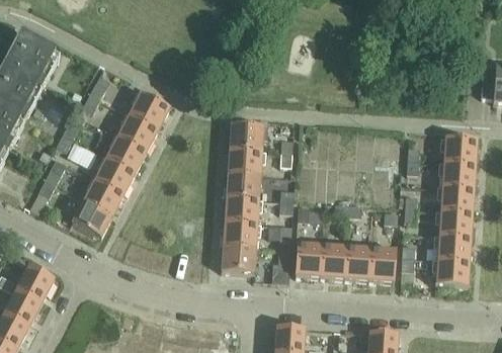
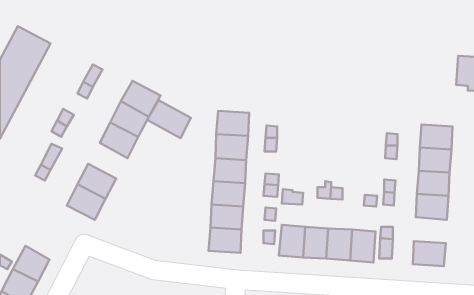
building: none -> [147,100,191,138]
building: [94,157,136,194] -> none
building: [436,235,471,262] -> none

